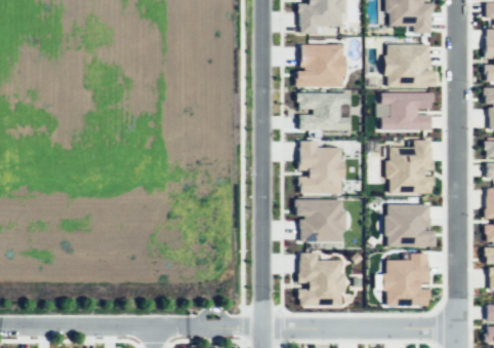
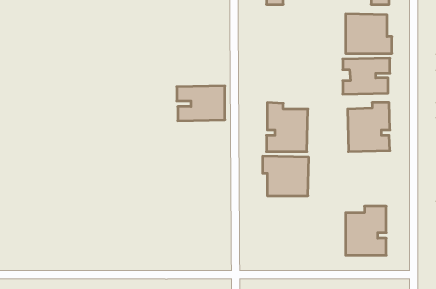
building: [296,43,345,87] -> none
building: [298,91,351,129] -> [177,86,225,121]
building: [386,203,436,246] -> none
building: [299,252,346,306] -> none

